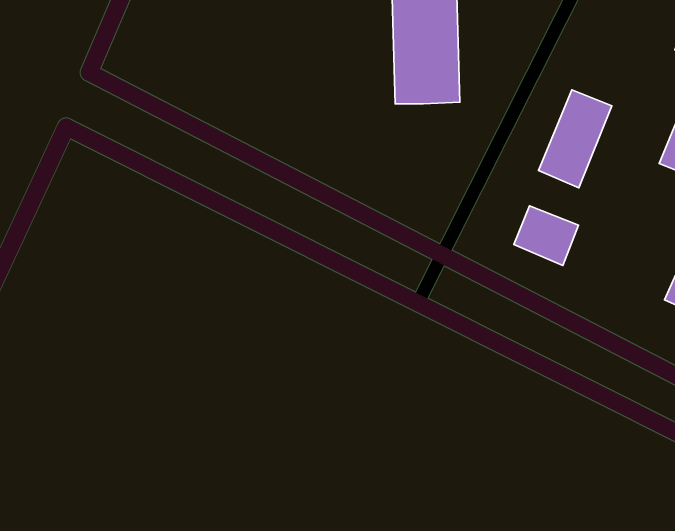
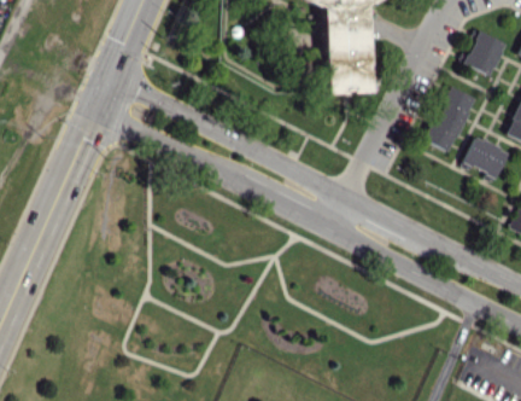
building: none -> [468,31,507,75]
building: [514,206,579,265] -> [466,136,510,178]

